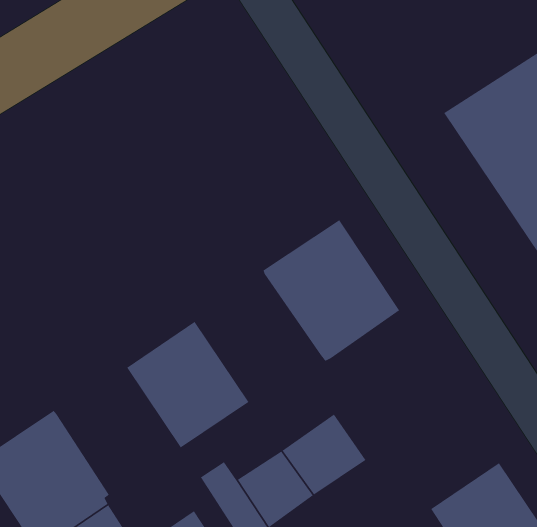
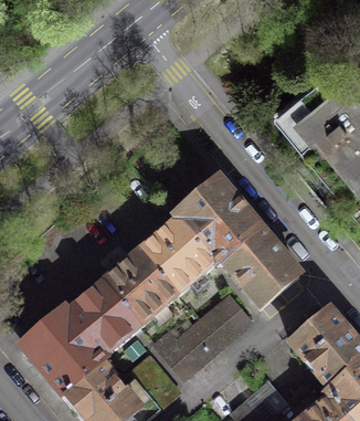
building: none -> [140,215,216,292]
building: none -> [223,228,298,305]
building: none -> [65,280,140,356]

